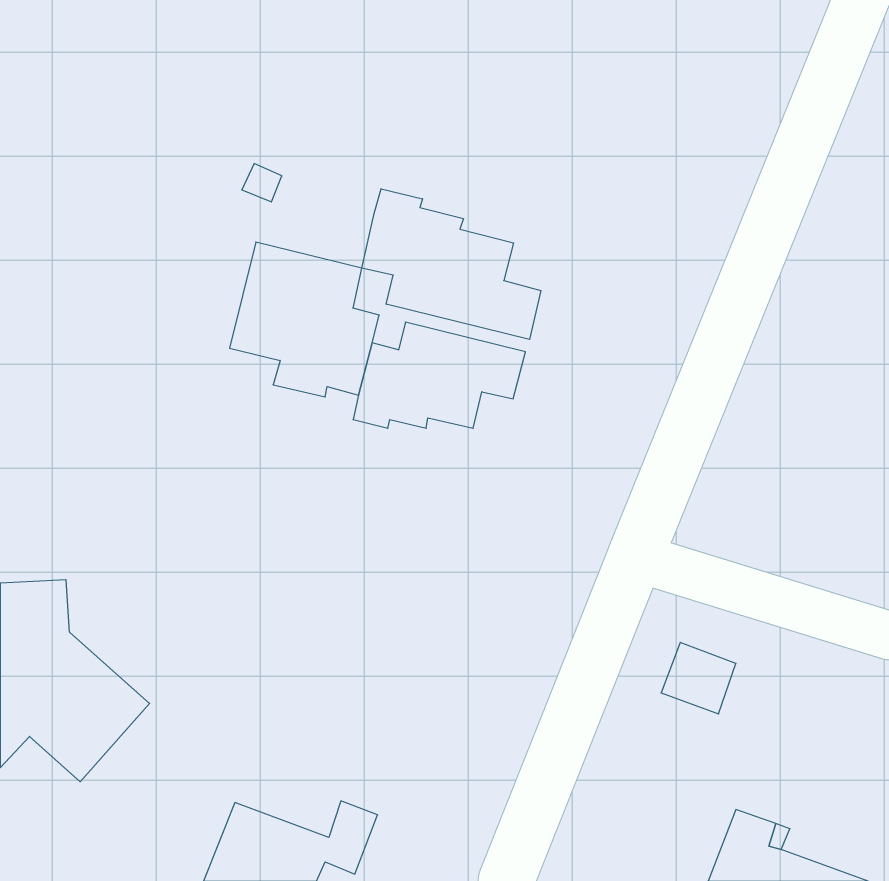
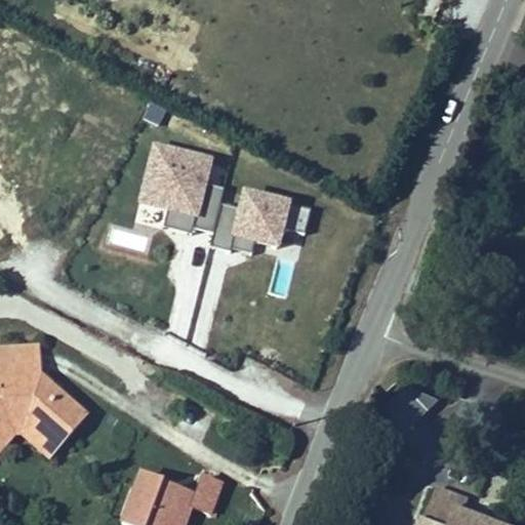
building: [362,189,541,339] -> none

